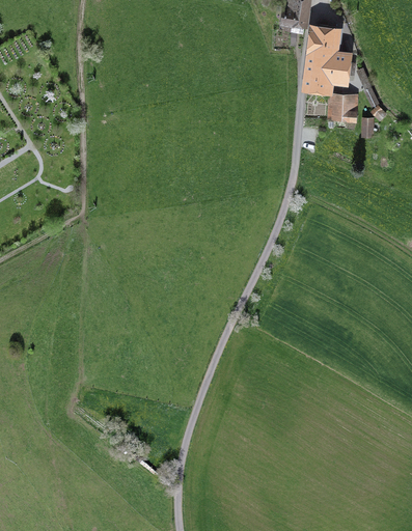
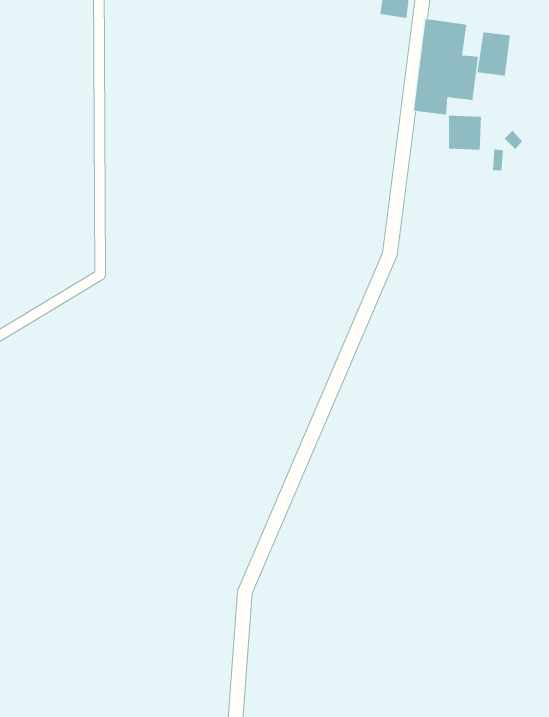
building: none -> [477,32,510,77]

